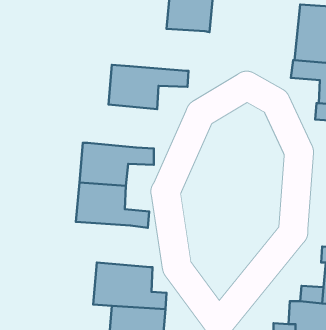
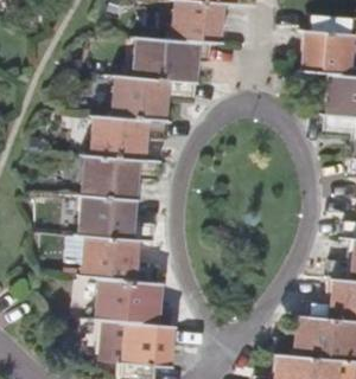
building: none -> [135,38,212,83]
building: none -> [93,116,170,161]
building: none -> [71,236,158,283]

